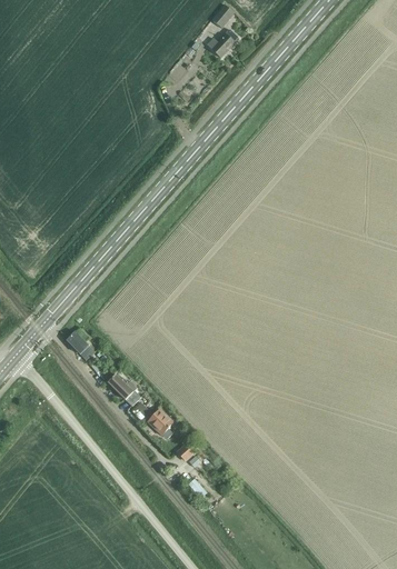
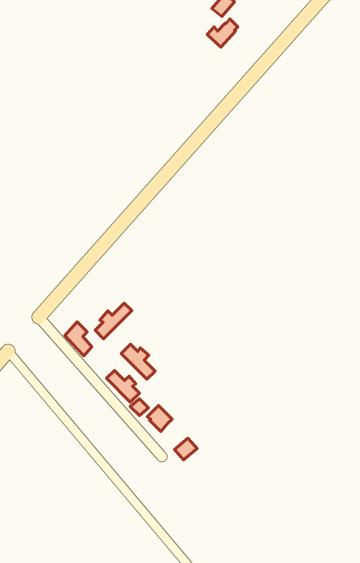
building: none -> [95,303,132,339]
building: none -> [121,344,155,379]

